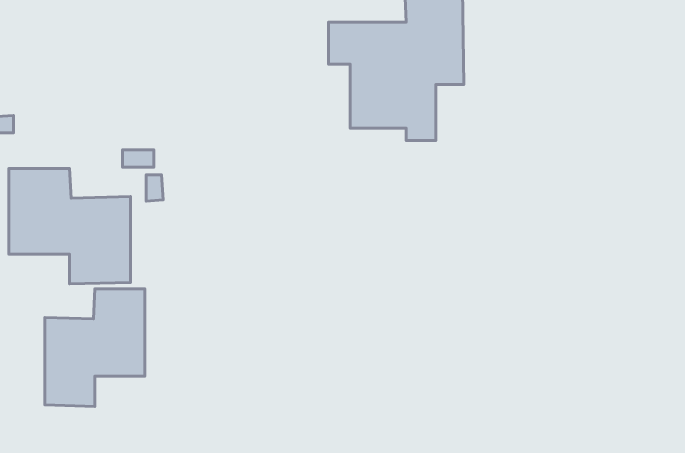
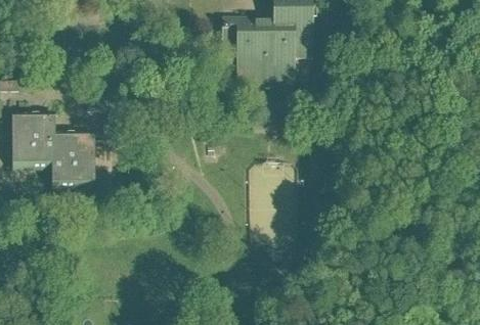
building: [45,289,145,406] -> none

